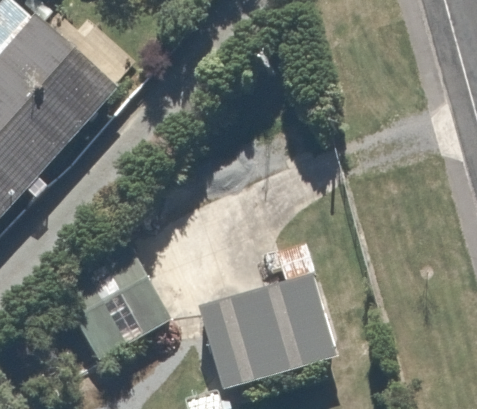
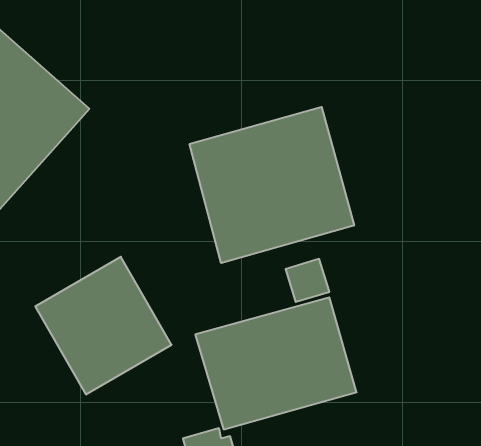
building: none -> [190,107,354,263]

